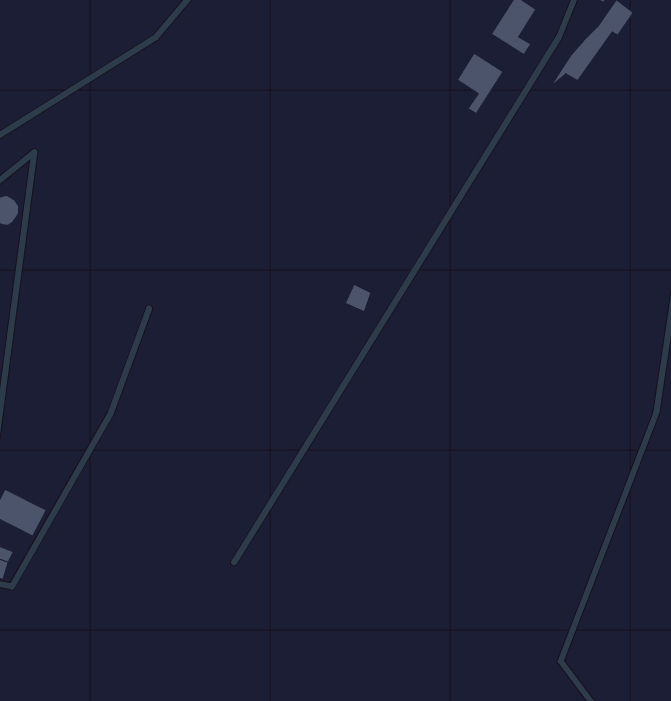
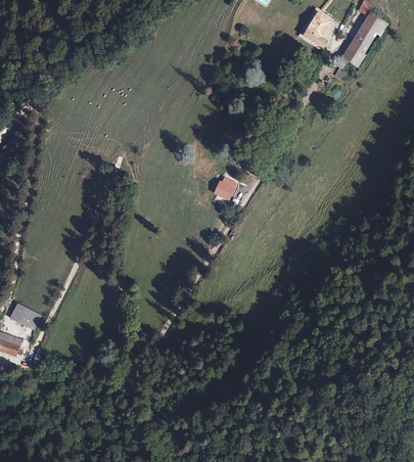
building: [457,53,503,114] -> none

